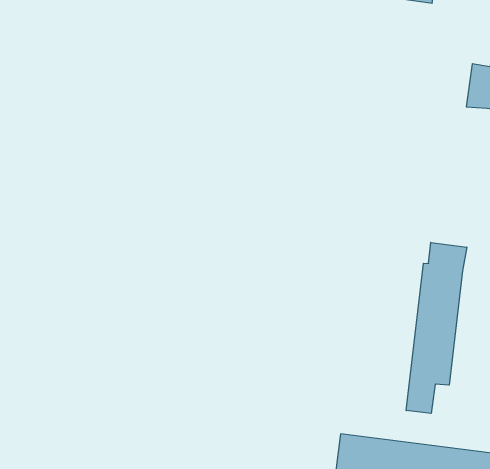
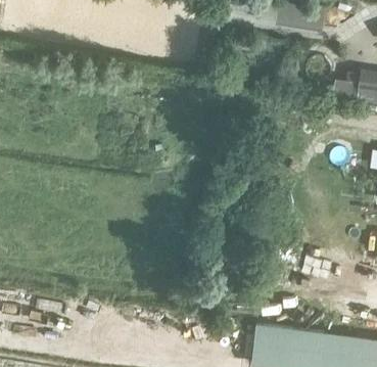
building: [406,242,467,413] -> none

